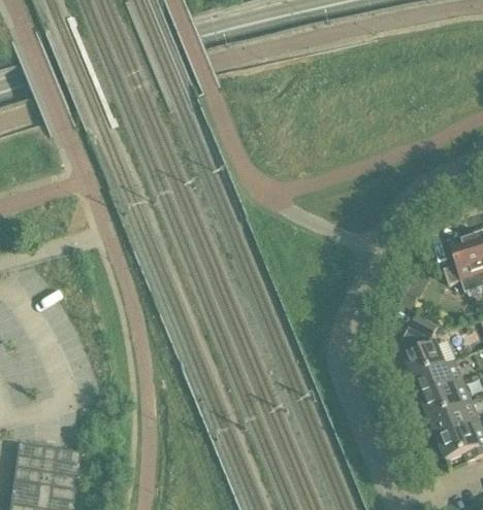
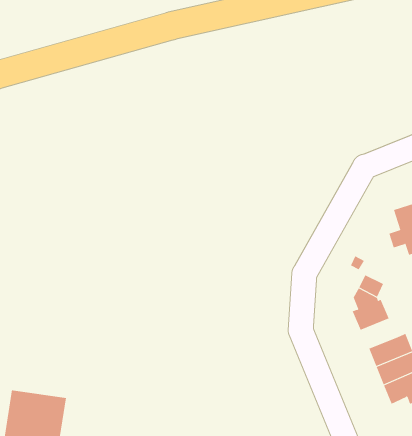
building: [412,359,463,397] -> none

